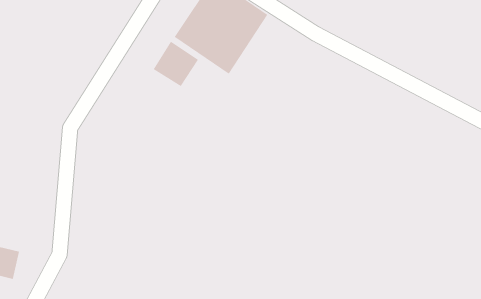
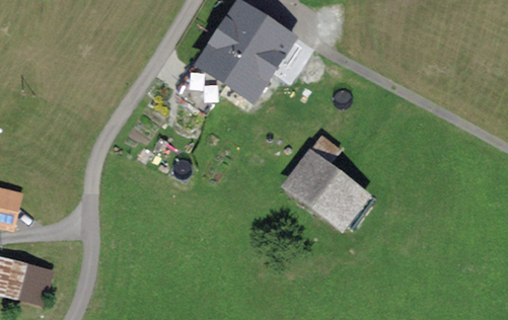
building: none -> [291,133,362,220]

